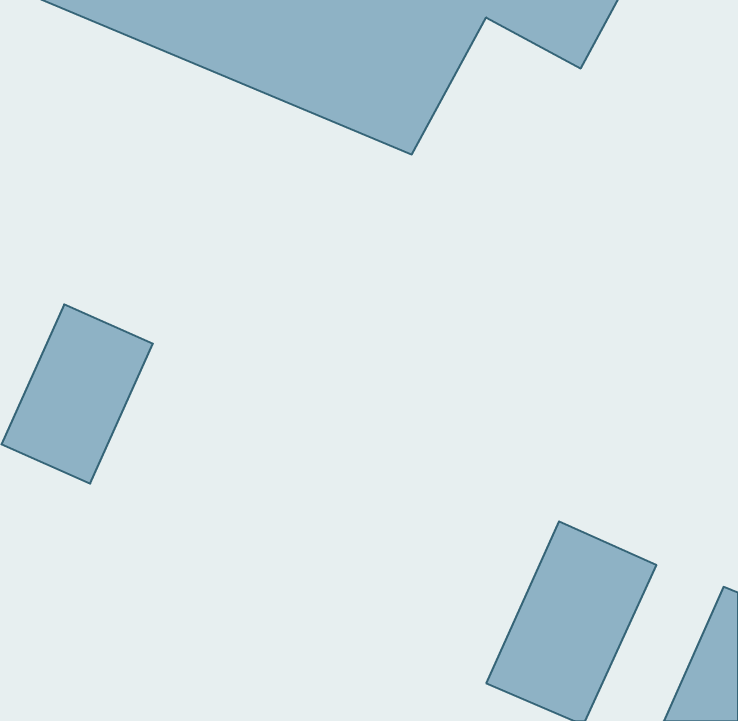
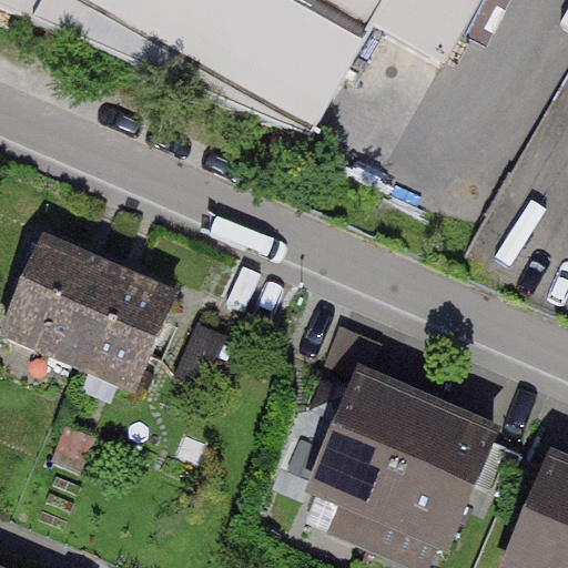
building: none -> [69,262,183,398]
building: none -> [296,364,426,520]

